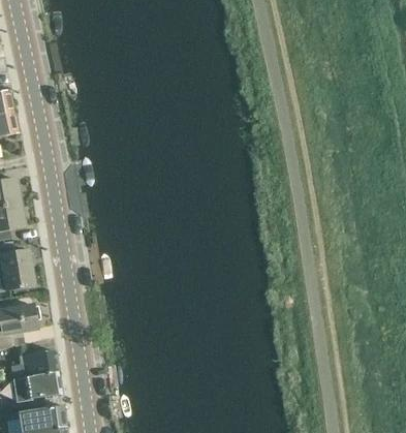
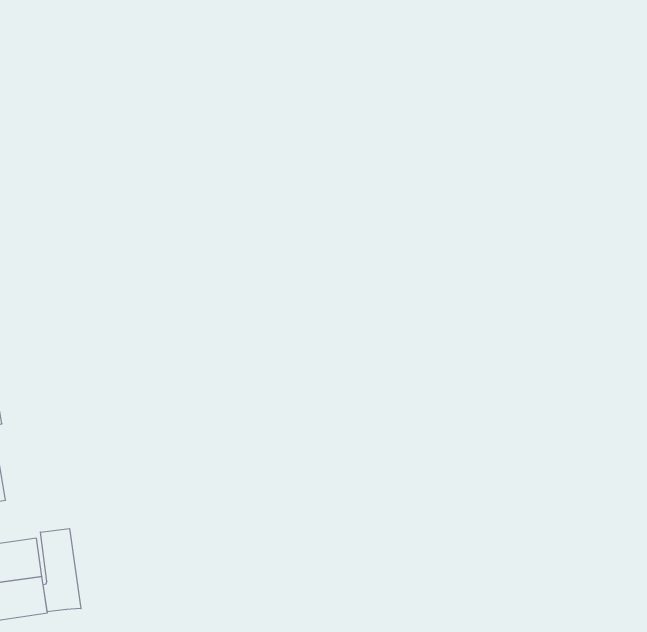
building: none -> [40,529,81,612]

